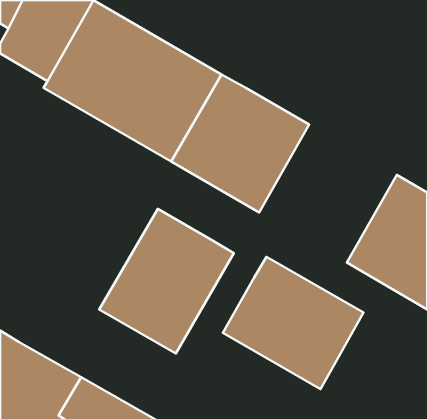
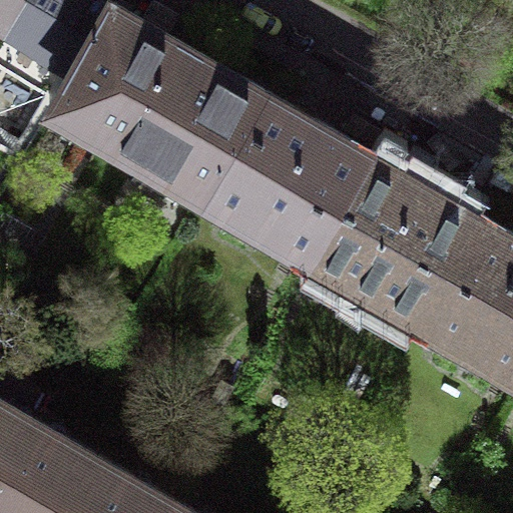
building: none -> [311,159,476,325]
building: [99,209,234,354] -> none
building: [223,257,364,389] -> none

